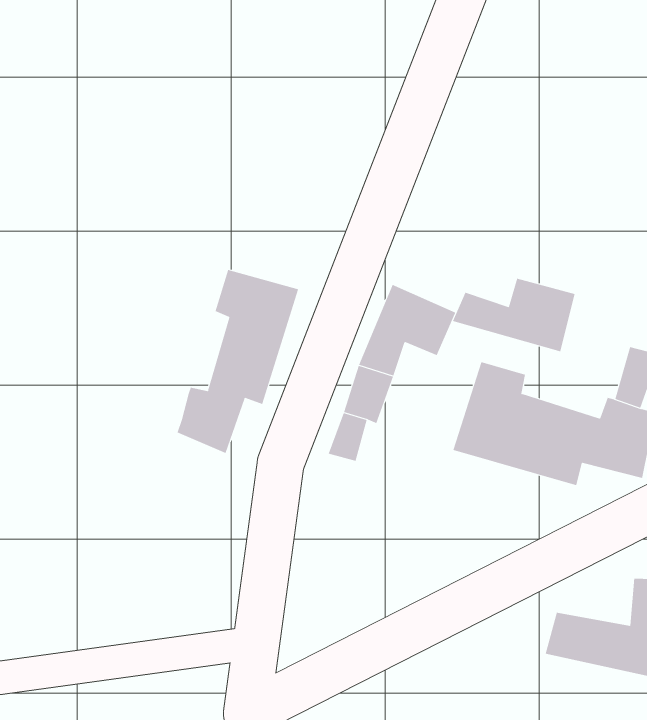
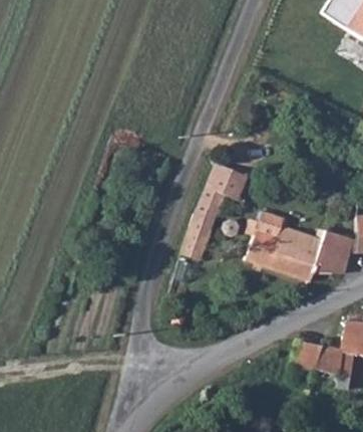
building: [177,269,299,454] -> none
building: [452,278,575,352] -> none

